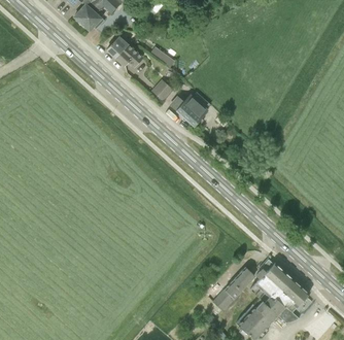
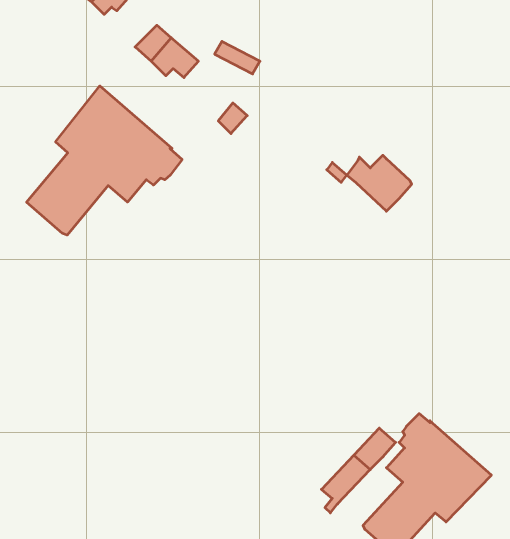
building: none -> [27,86,182,235]
building: [170,95,207,127] -> [347,155,412,211]

